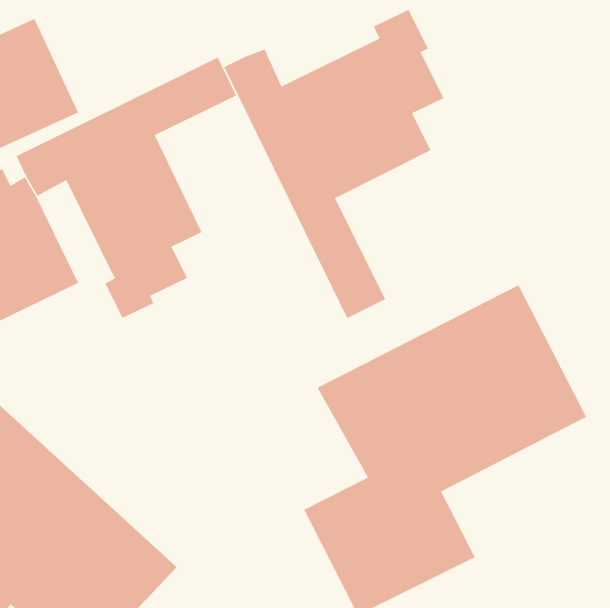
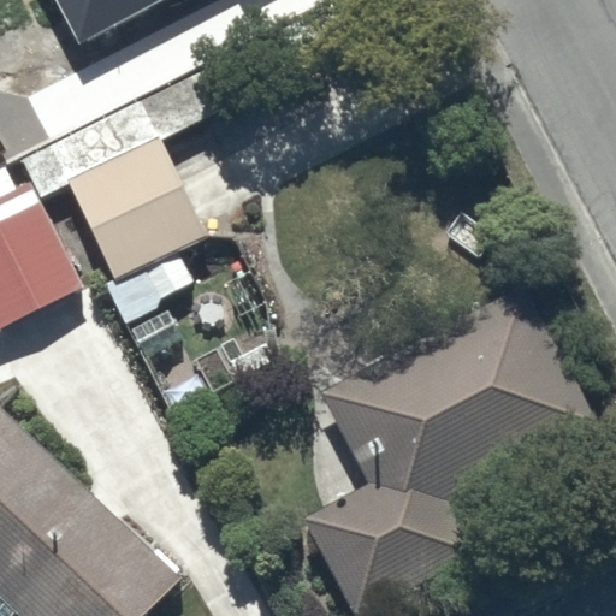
building: [223,9,444,319] -> none

